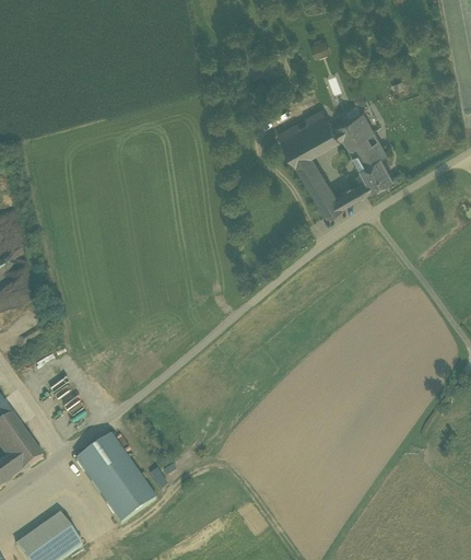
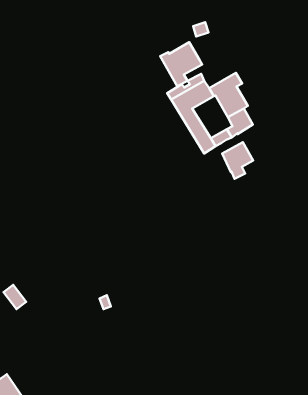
building: none -> [160,42,202,86]
building: none -> [222,142,253,179]
building: [74,433,154,522] -> none

